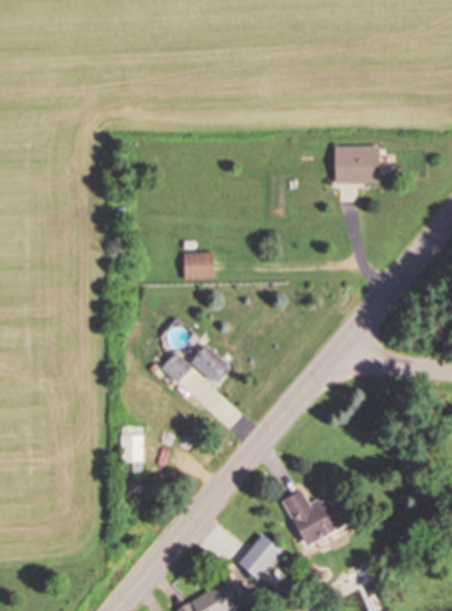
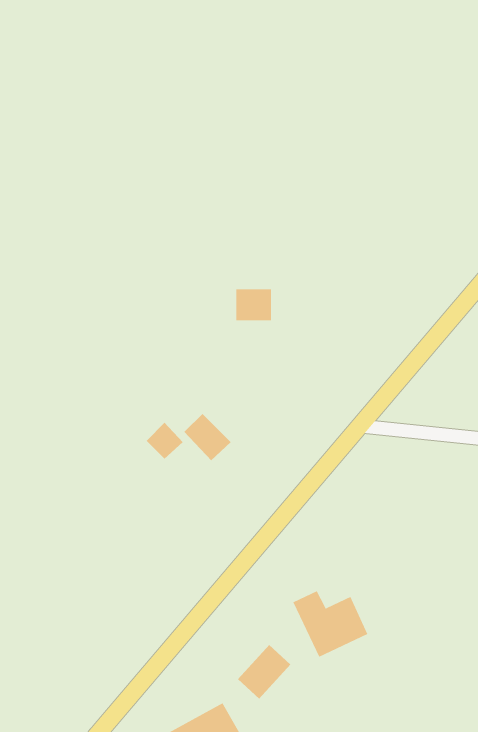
building: [335,146,380,184] -> none
building: [184,253,213,279] -> [236,289,272,321]
building: [122,433,143,462] -> none

